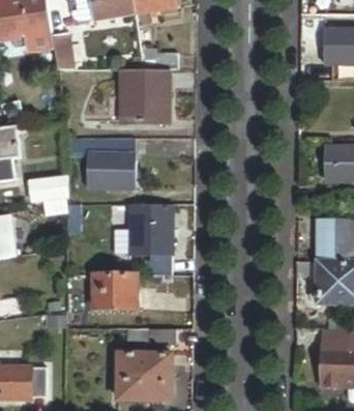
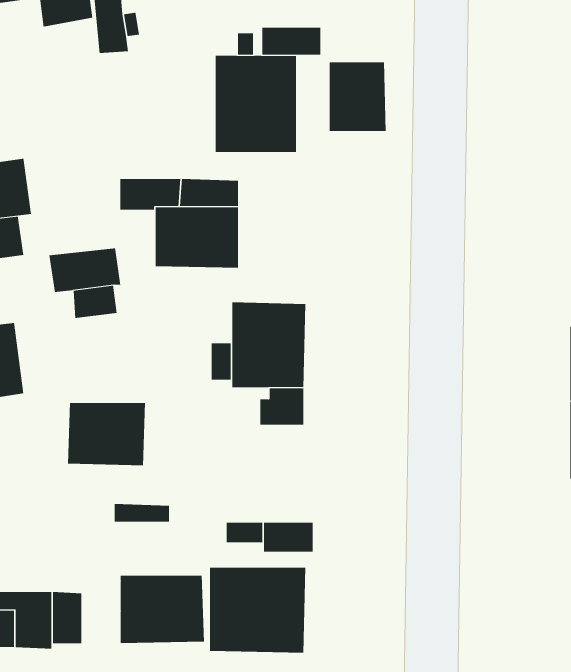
building: none -> [329,62,386,132]
building: [93,273,137,309] -> [67,402,146,466]
building: none -> [120,575,204,644]

